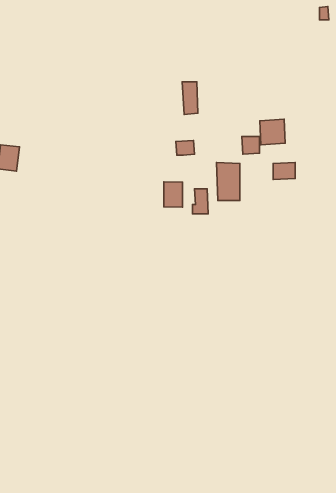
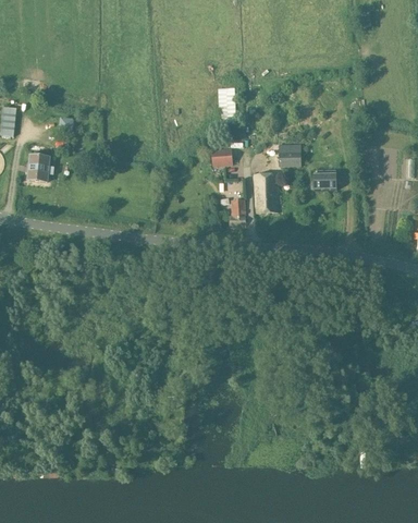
building: [260,119,285,145] -> none
building: [164,182,182,207] -> none

